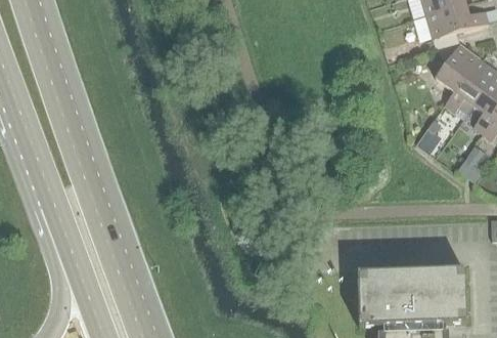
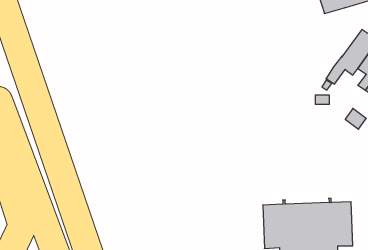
building: [432,31,478,91] -> none

